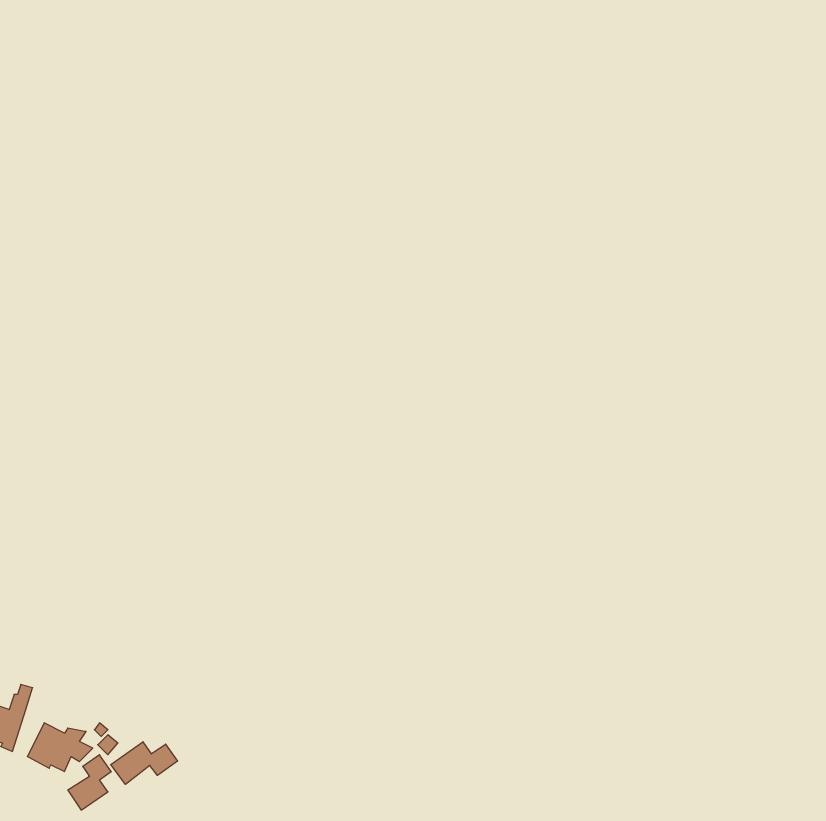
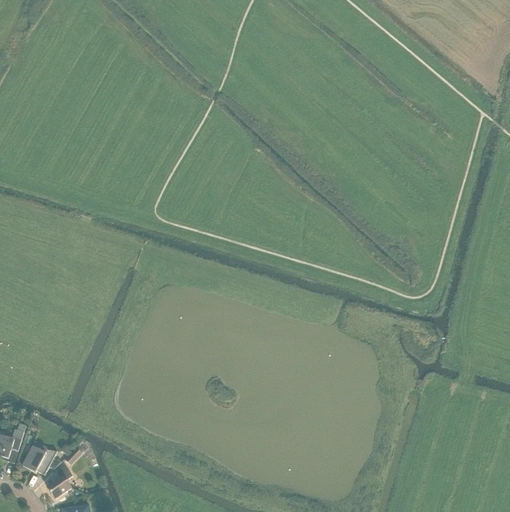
building: [111,742,178,784] -> none

